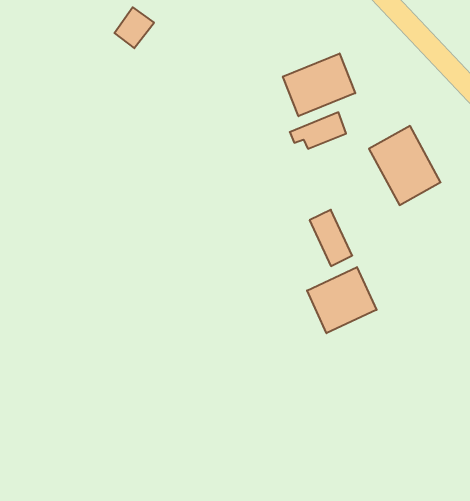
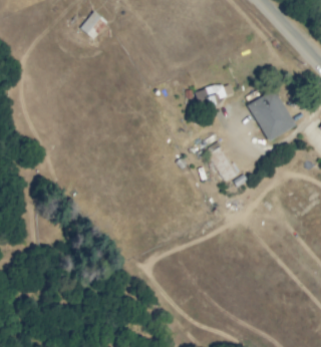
building: [283,53,355,116] -> none
building: [307,267,377,333] -> none

